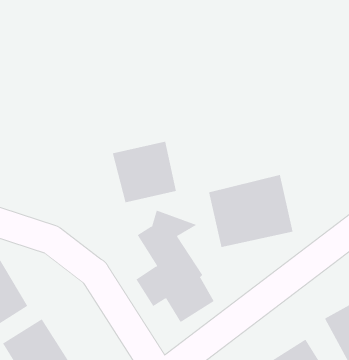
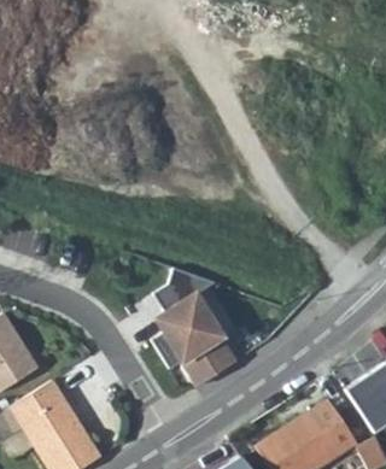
building: [112,141,176,203] -> none
building: [208,174,293,248] -> none

